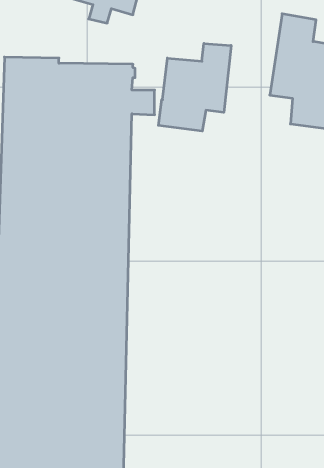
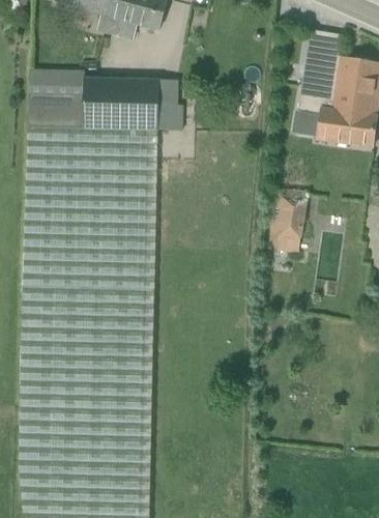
building: [158,43,231,131] -> none
building: none -> [270,207,302,238]

